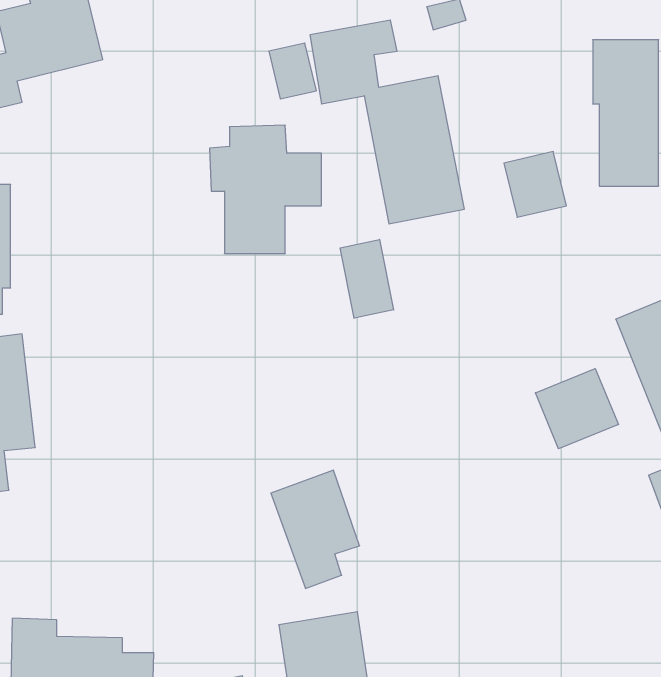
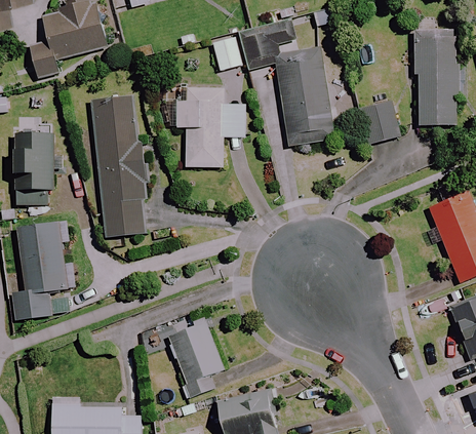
building: none -> [90,93,148,243]
building: [340,239,394,318] -> none
building: [535,369,618,449] -> none
building: [271,470,360,588] -> [168,322,224,396]

